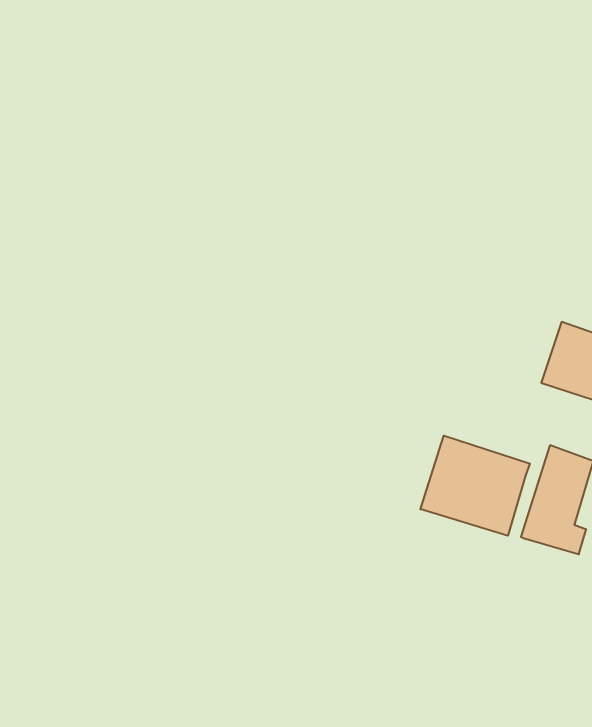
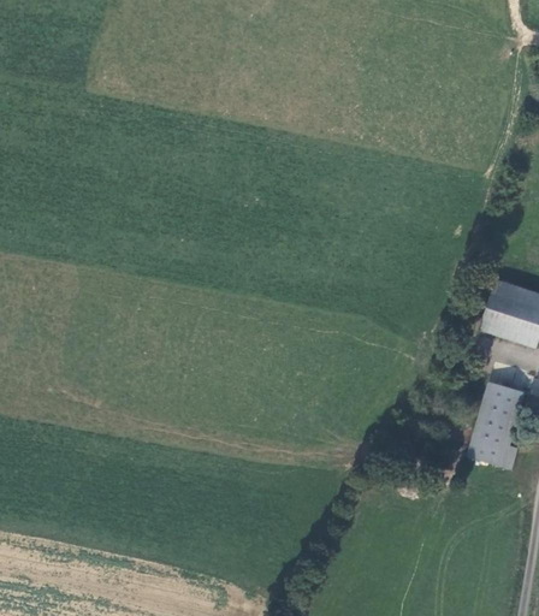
building: [420,436,530,536] -> none

